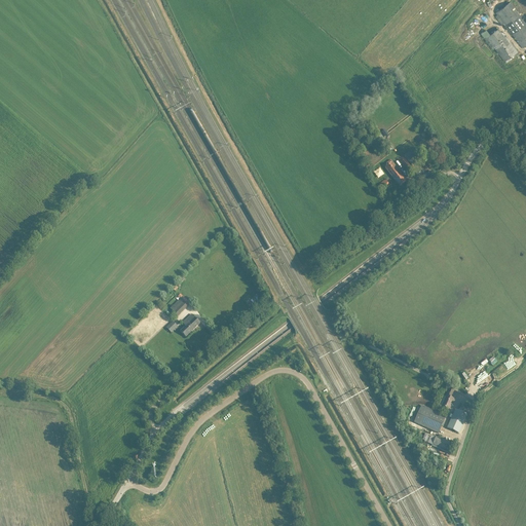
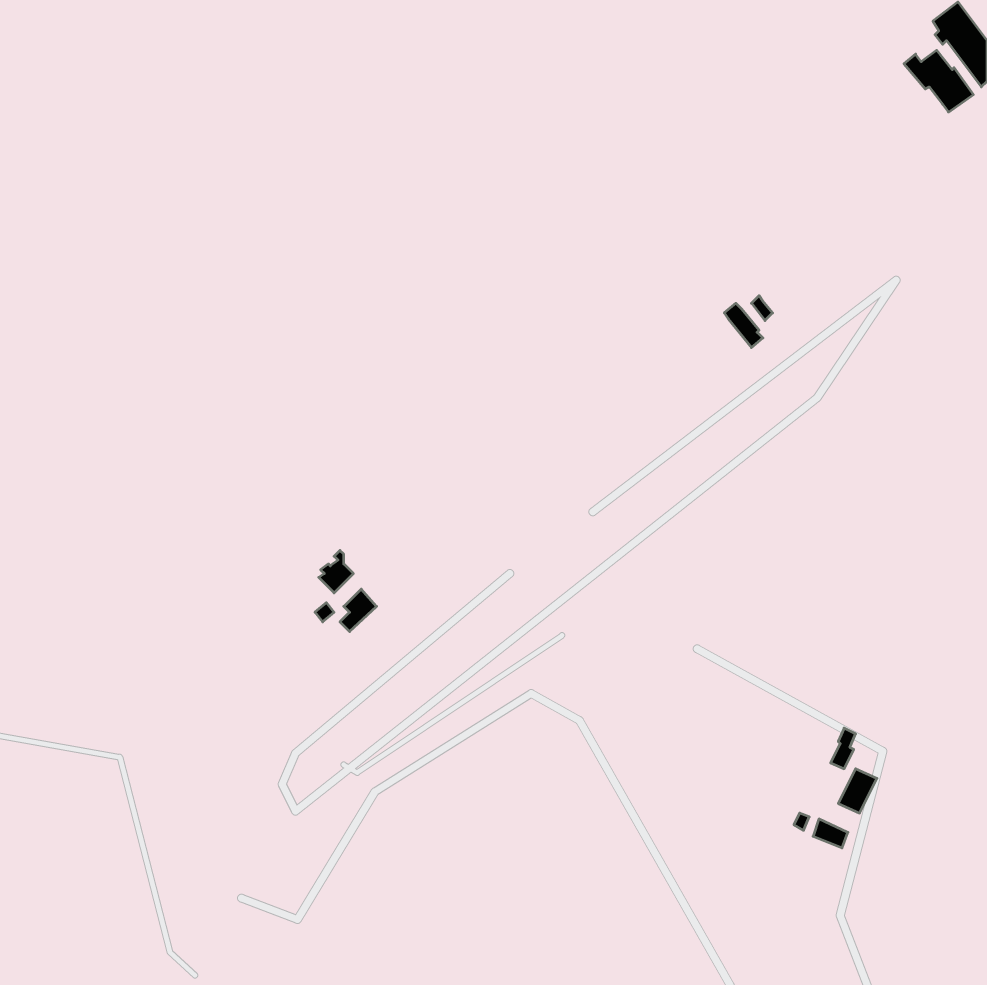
building: [414,406,446,433] -> none

